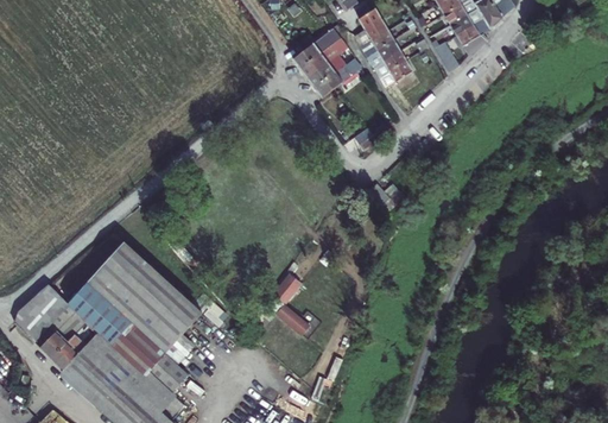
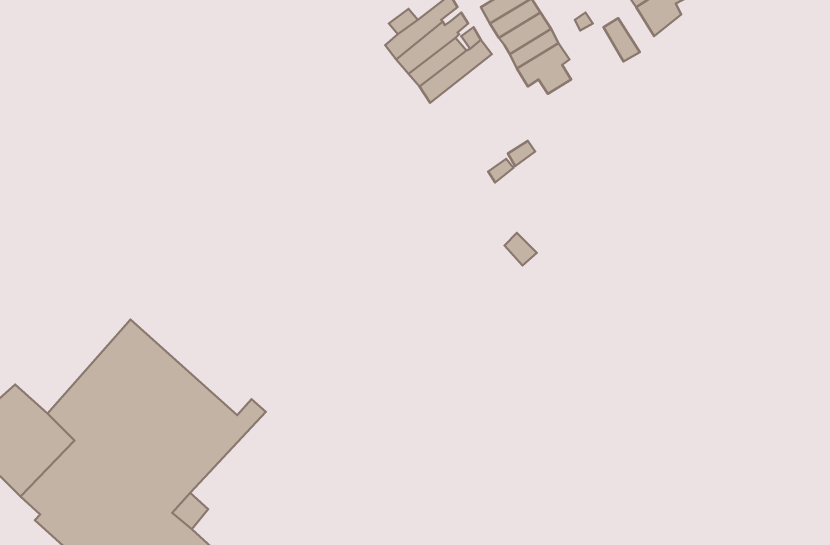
building: [270,272,310,333] -> none

